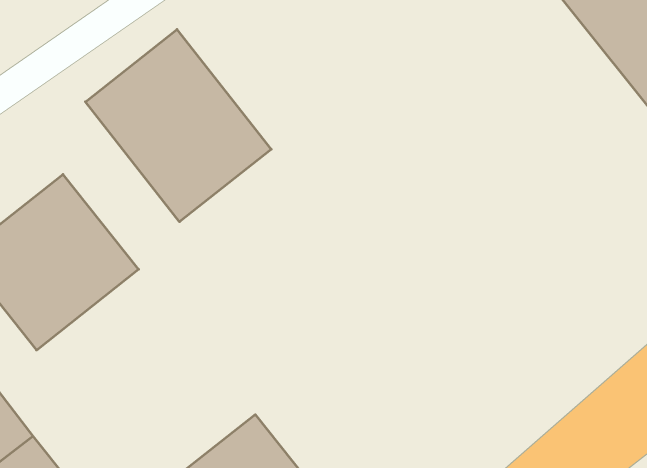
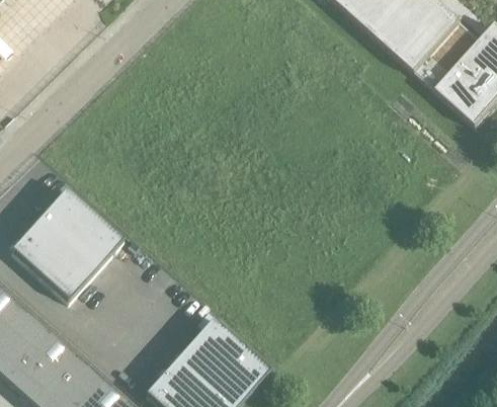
building: [85,29,271,222] -> none

